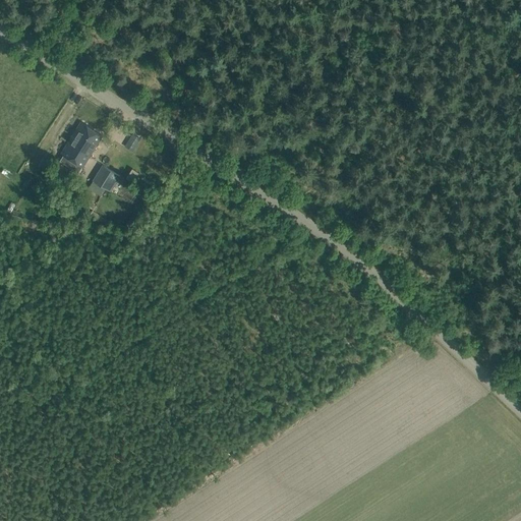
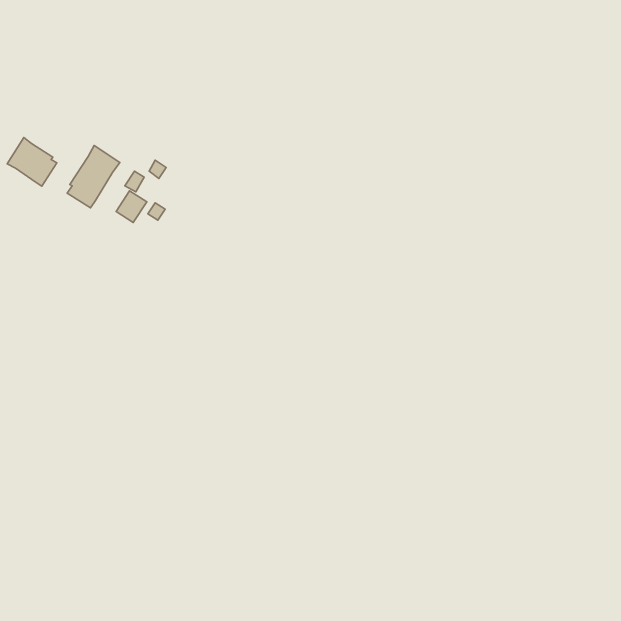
building: none -> [7,138,57,186]

